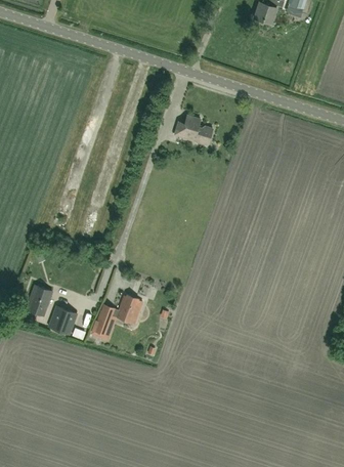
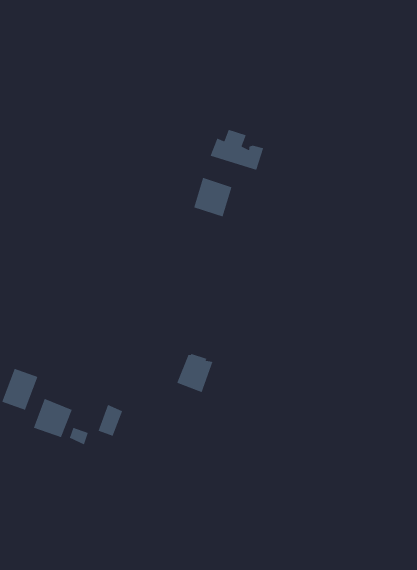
building: none -> [193,177,233,218]
building: [116,295,142,324] -> [176,353,214,393]

